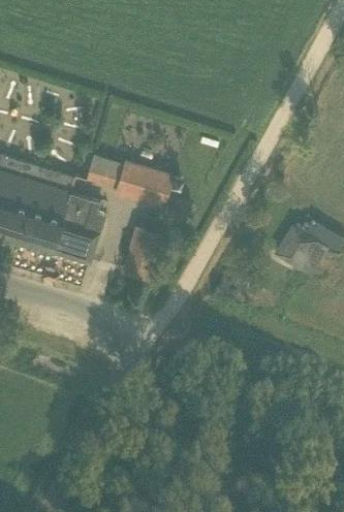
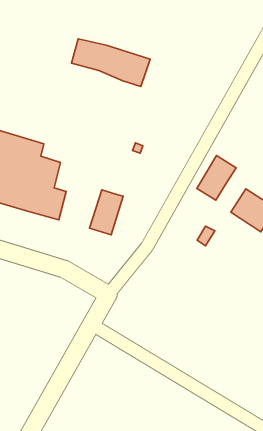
building: [85,153,171,205] -> [72,39,150,86]
building: none -> [197,155,236,200]

